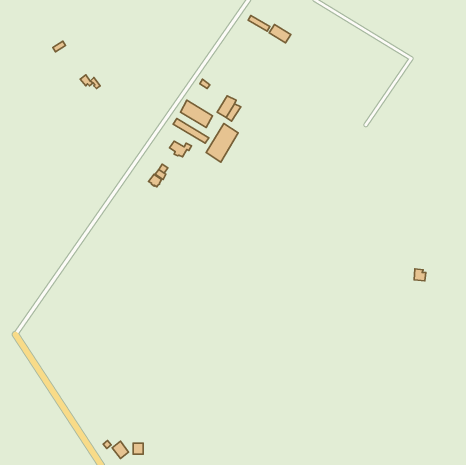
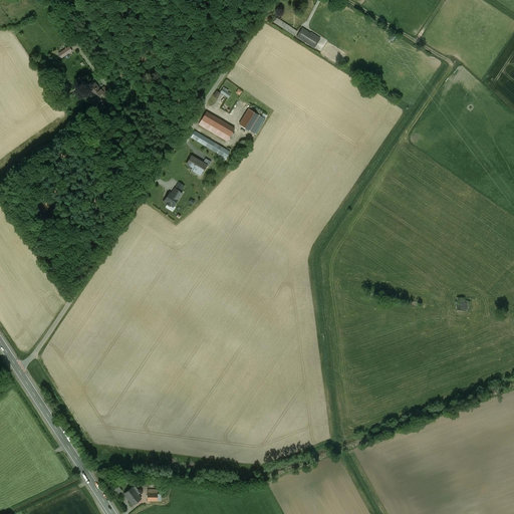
building: [206,123,238,162] -> none

